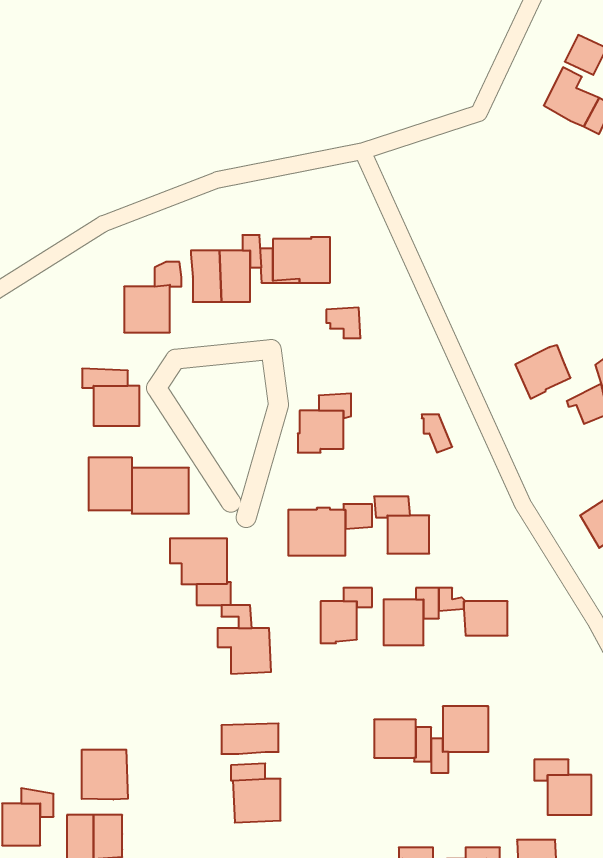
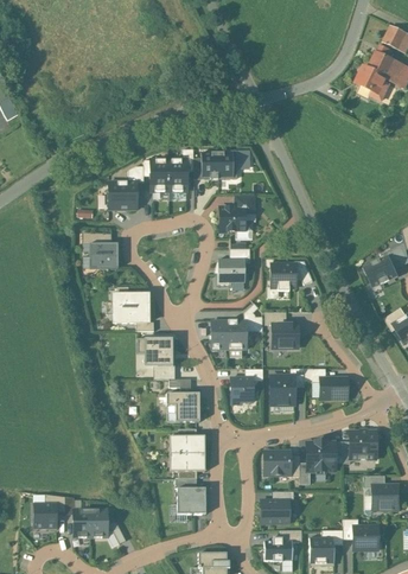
building: none -> [355,65,389,100]
building: none -> [219,208,251,231]
building: [515,345,571,399] -> [363,255,397,288]
building: none -> [270,263,294,291]
building: [89,457,132,511] -> none
building: none -> [349,430,375,459]
building: none -> [168,435,204,454]
building: [82,750,128,800] -> none
building: none -> [260,496,291,523]

